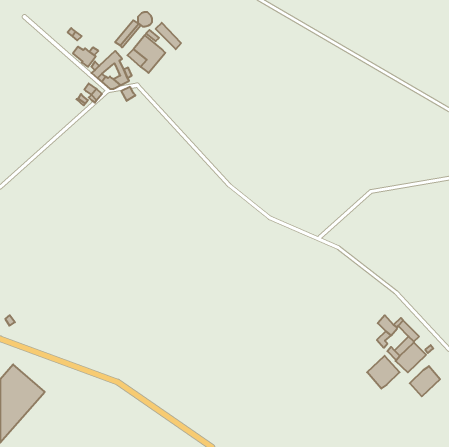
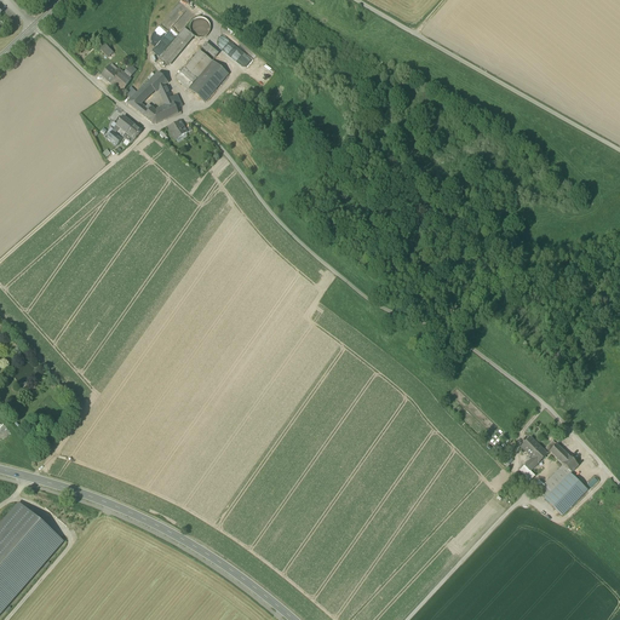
building: [367,356,400,389] -> none
building: [410,366,440,396] -> none

